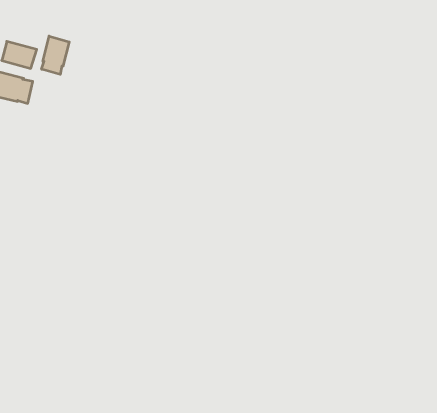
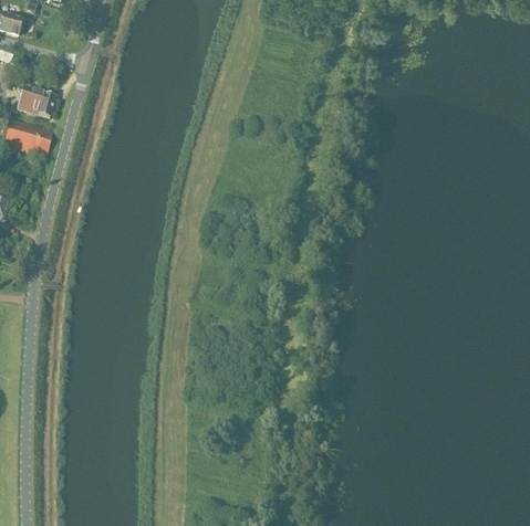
building: [42,36,69,74] -> none

